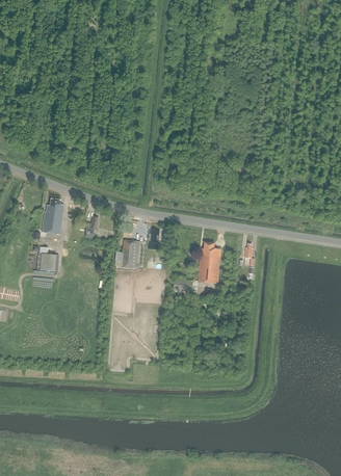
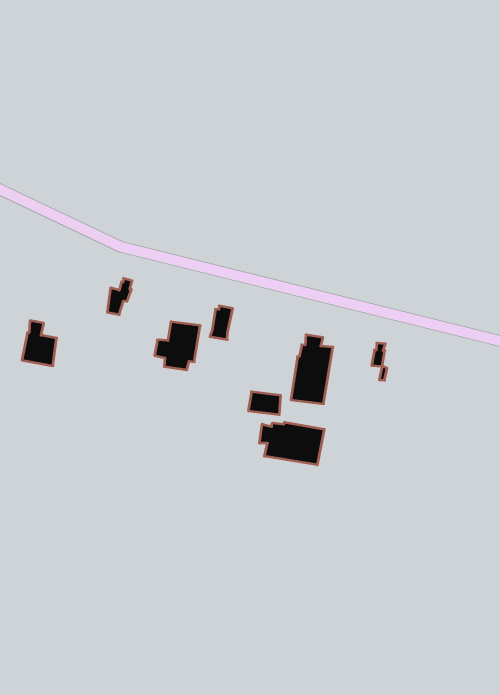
building: [42,199,63,234] -> none
building: none -> [259,422,324,465]

